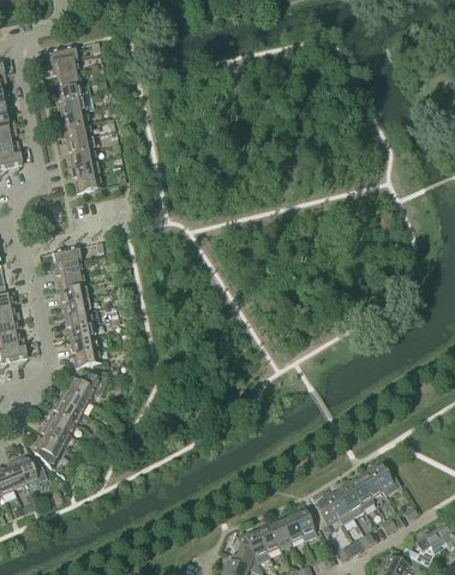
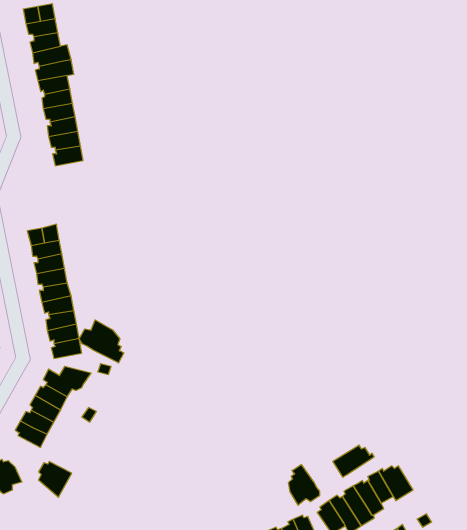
building: none -> [79,320,124,363]
building: [32,437,62,469] -> [39,461,72,497]
building: none -> [333,445,374,477]
building: none -> [288,465,320,505]

